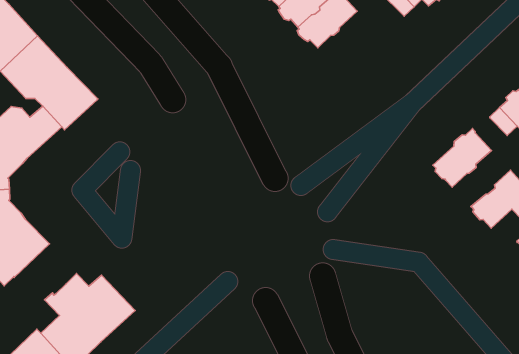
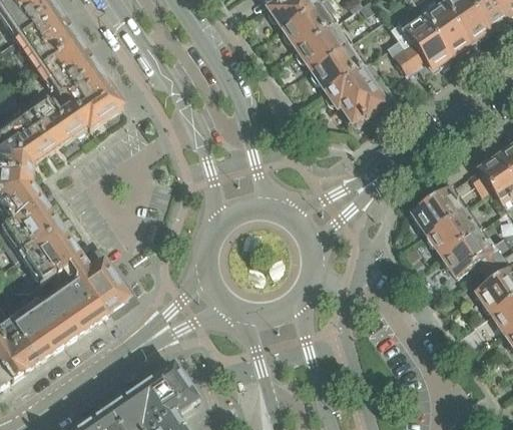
building: none -> [324,61,392,126]
building: none -> [425,205,479,253]
building: none -> [23,228,79,281]

